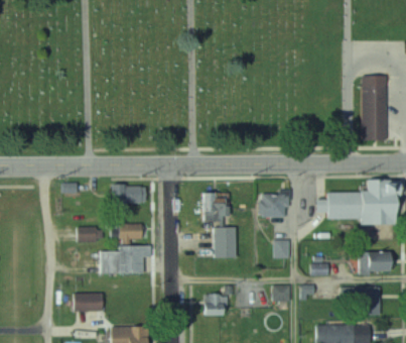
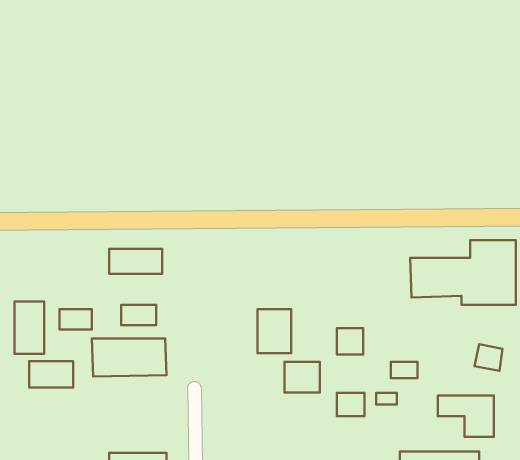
building: [359,75,383,141] -> none
building: [257,193,286,217] -> none
building: [205,194,234,222] -> none
building: none -> [15,302,44,354]
building: [77,294,107,312] -> [29,361,73,388]
building: [207,295,231,316] -> [285,362,320,393]

